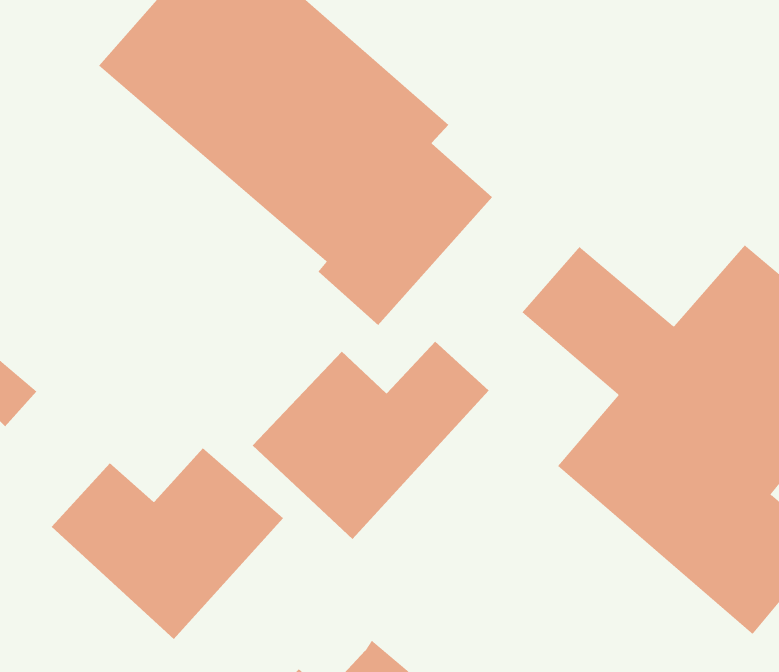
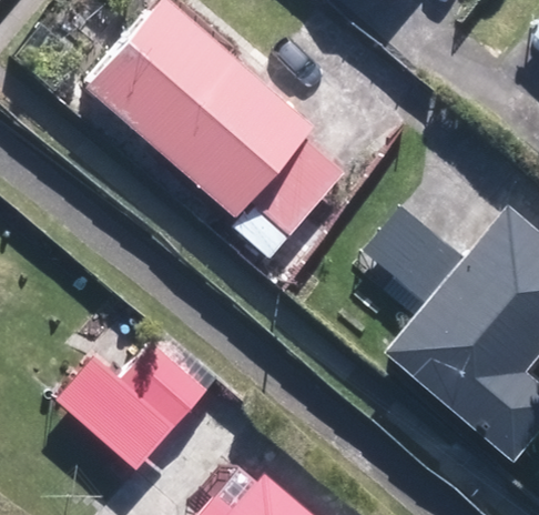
building: [252,341,489,540] -> none

